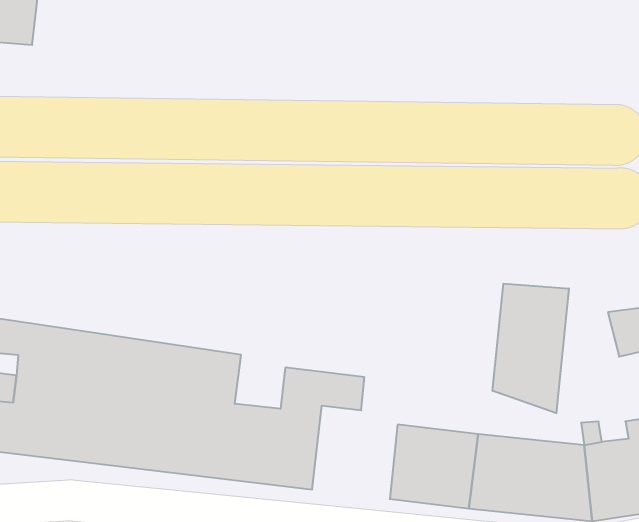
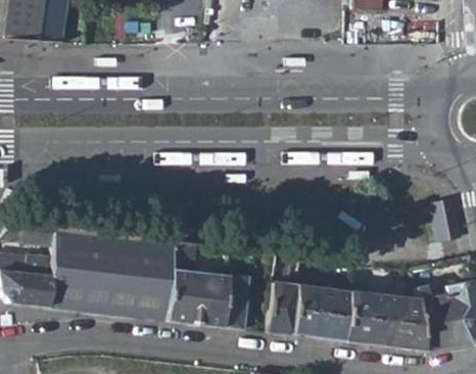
building: [493,284,569,413] -> none
building: none -> [270,284,298,335]

